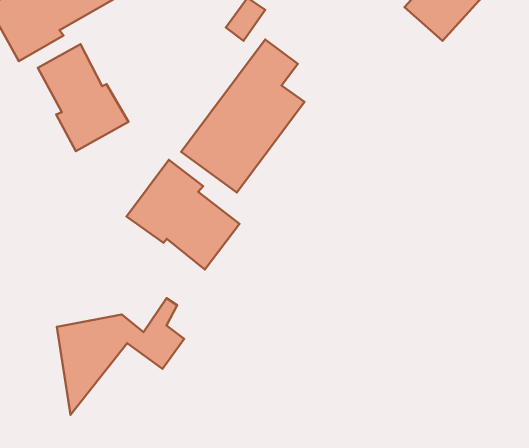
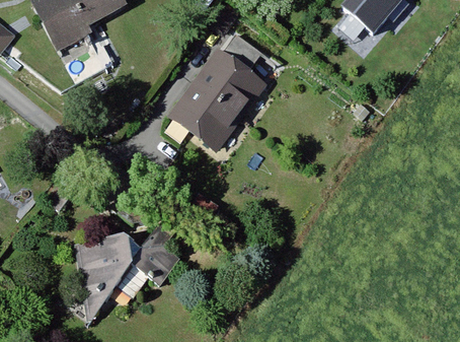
building: [38,44,128,151] -> none
building: [127,160,240,269] -> none

